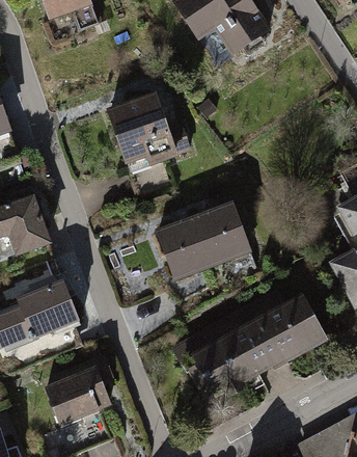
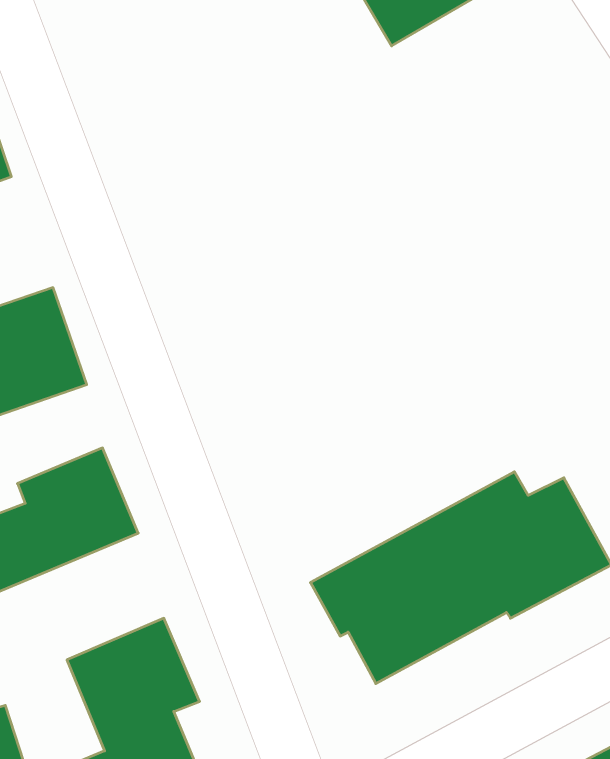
building: [107,88,174,161] -> none
building: [155,196,253,278] -> none

